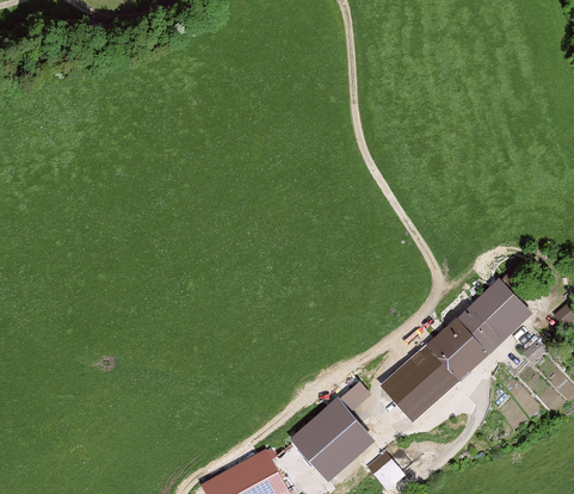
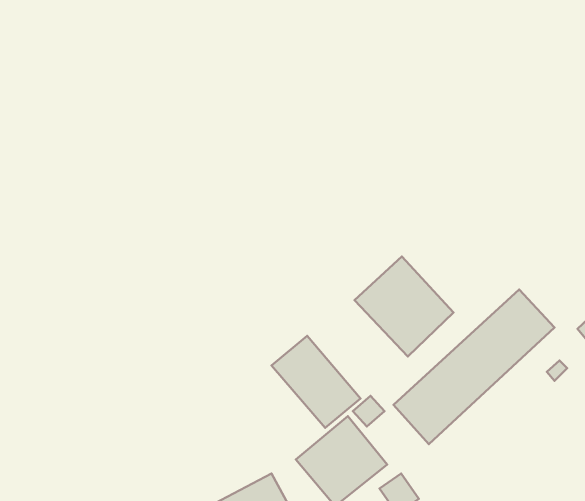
building: none -> [355,256,453,357]
building: none -> [272,336,361,428]

